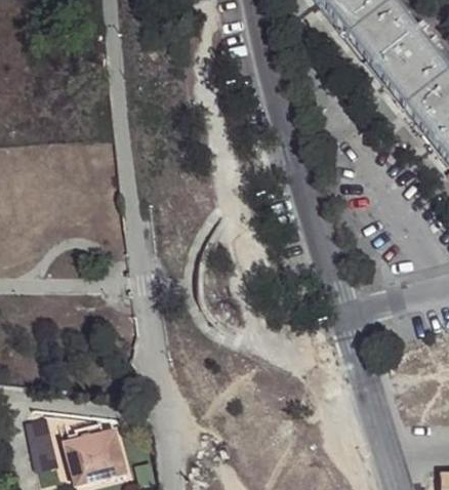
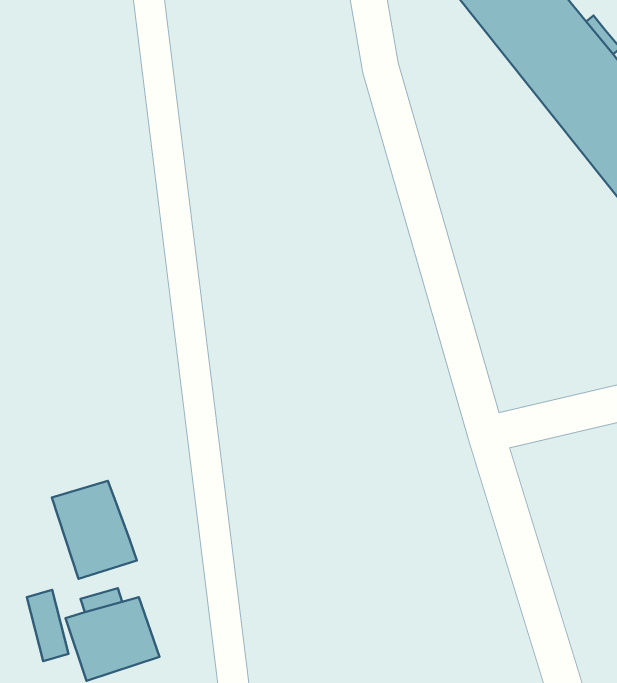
building: none -> [52,481,137,579]

